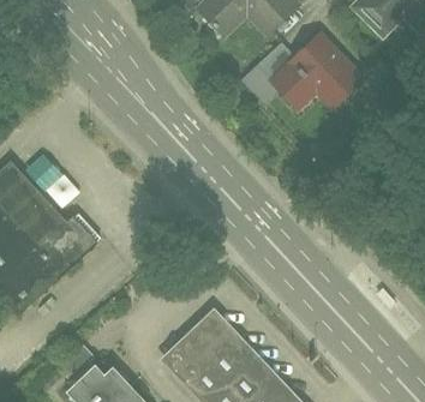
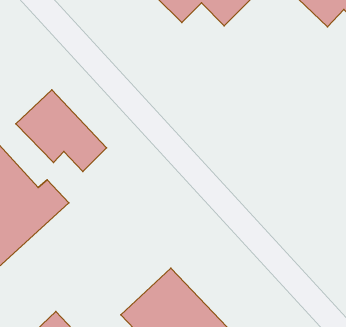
building: [270,31,369,112] -> none
building: none -> [16,90,106,171]

